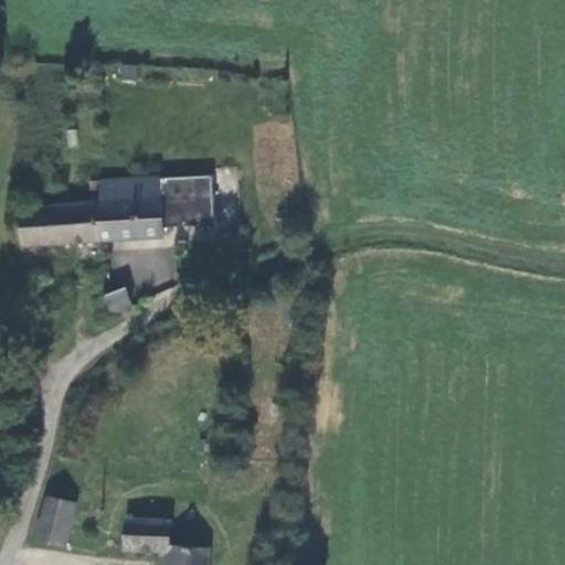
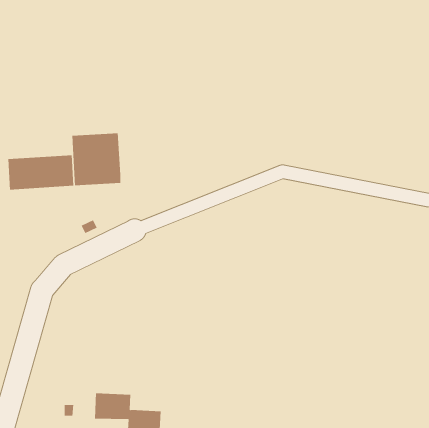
building: [156,173,212,232] -> none
building: [36,493,77,543] -> none

